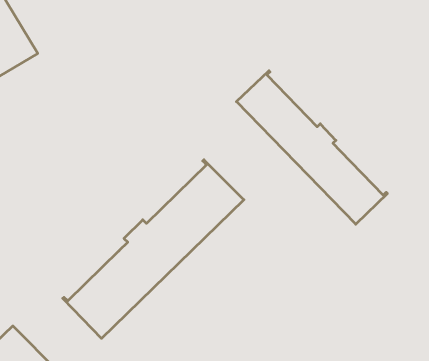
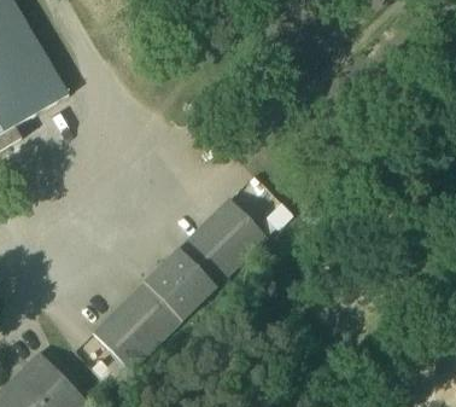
building: [236,71,387,224] -> none

